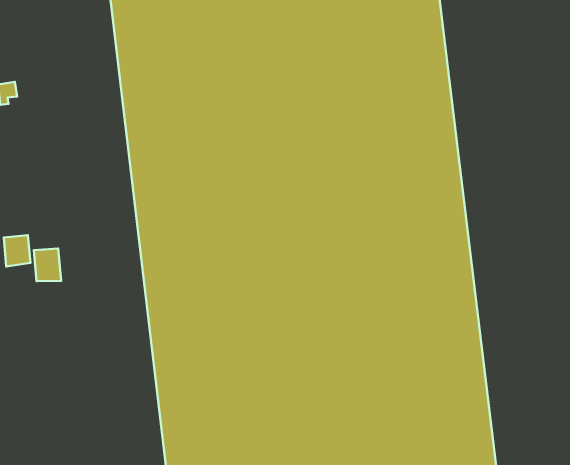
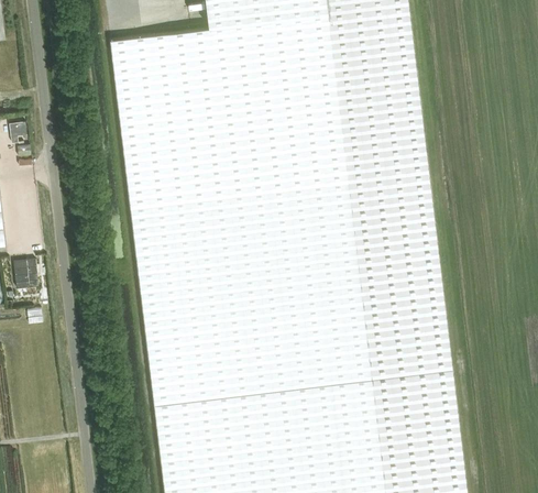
building: [34,248,61,281] -> none

